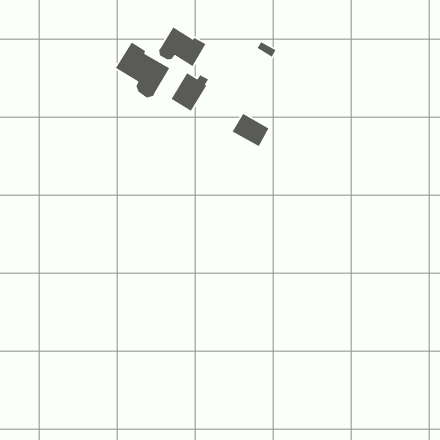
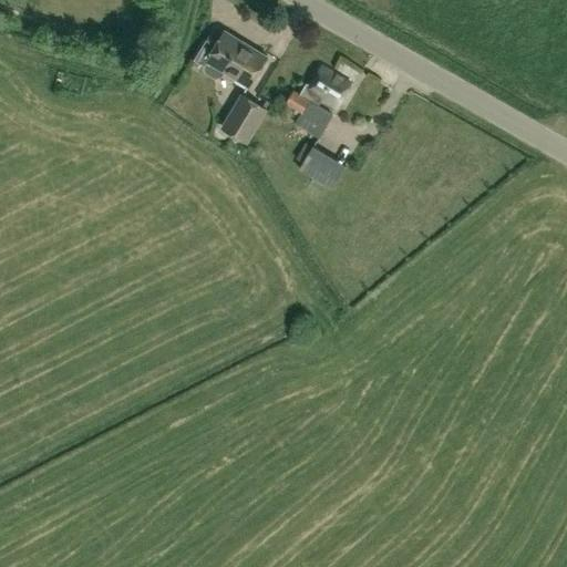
building: [115,41,171,98] -> none
building: none -> [285,63,352,138]

